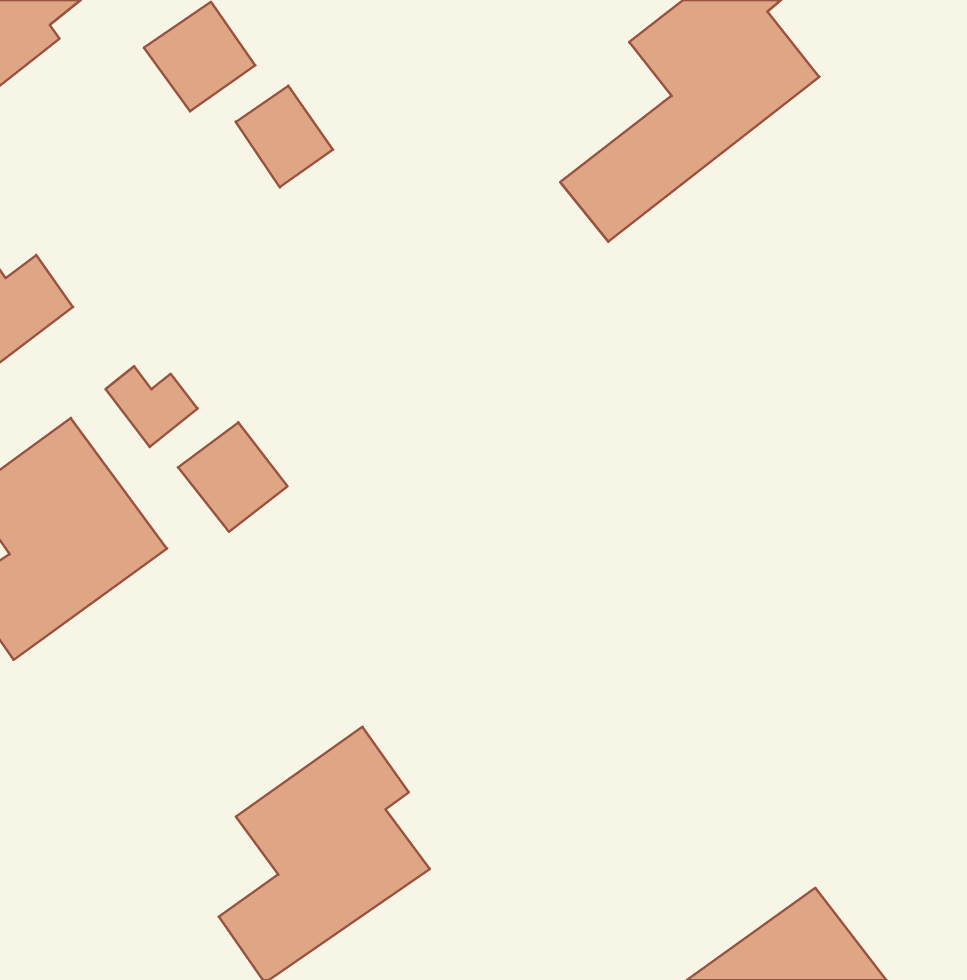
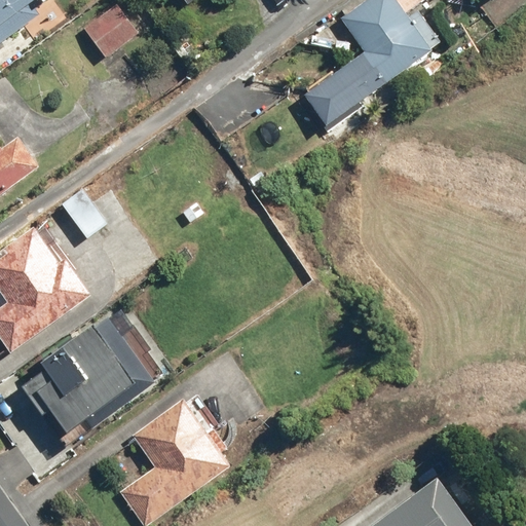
building: [236,86,333,187] -> none
building: [178,422,287,532] -> none
building: none -> [33,322,153,430]

